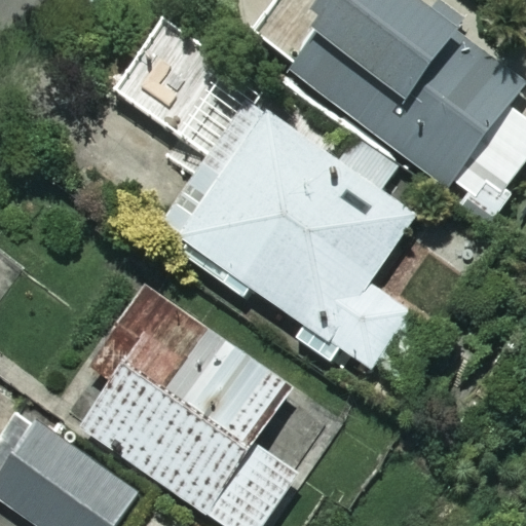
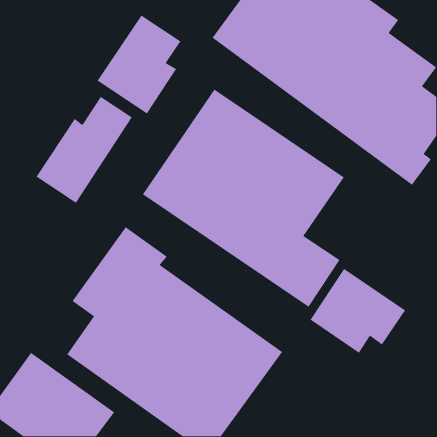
building: none -> [36,96,133,204]
building: none -> [310,268,406,354]

